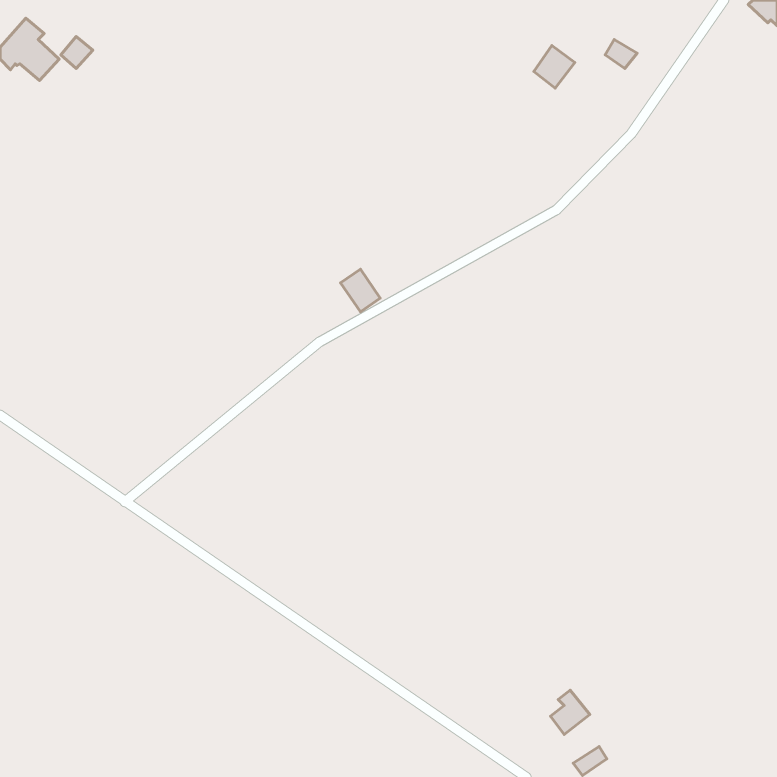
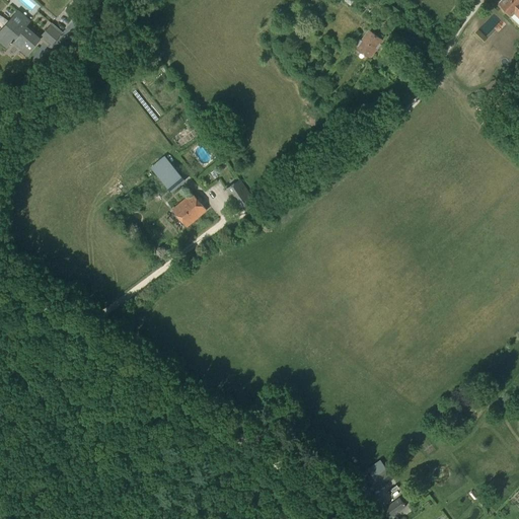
building: none -> [153,161,181,190]
building: none -> [172,194,206,227]

